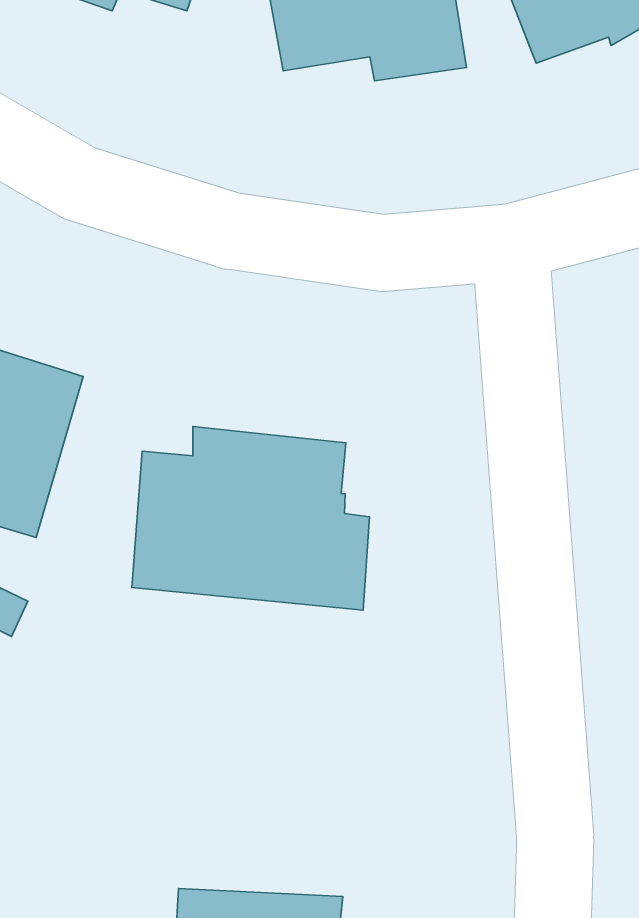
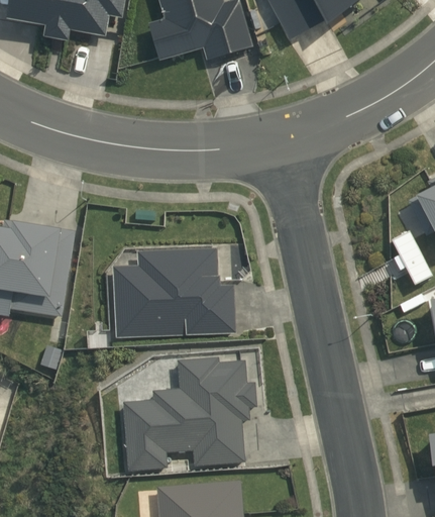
building: none -> [120,356,254,470]

